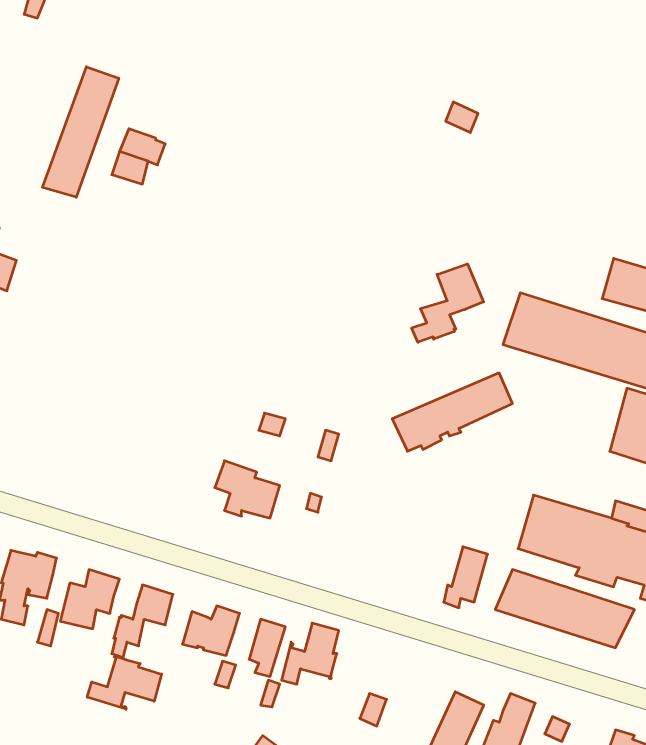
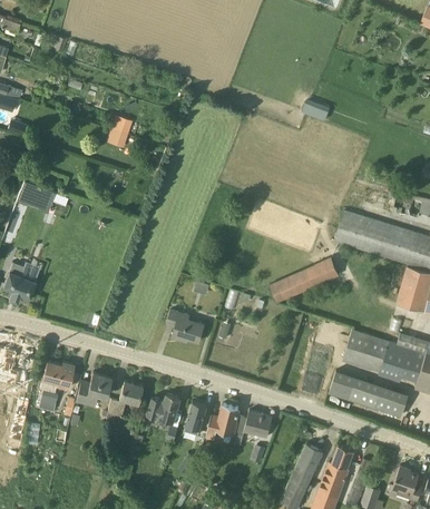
building: [42,67,119,197] -> none
building: [412,264,484,342] -> none
building: none -> [235,408,273,438]
building: [87,655,162,709] -> none

